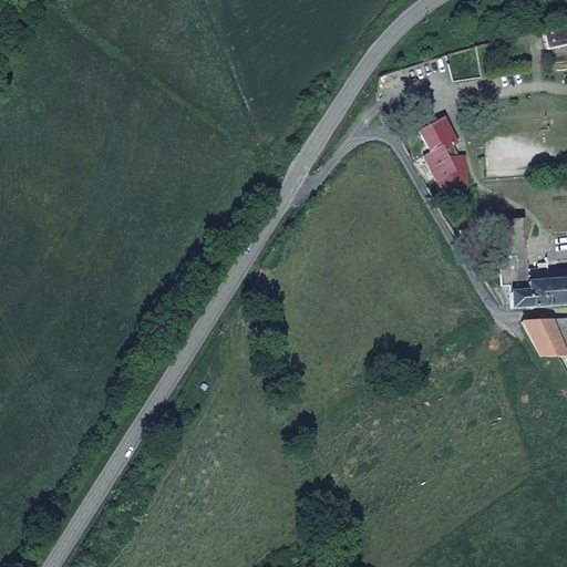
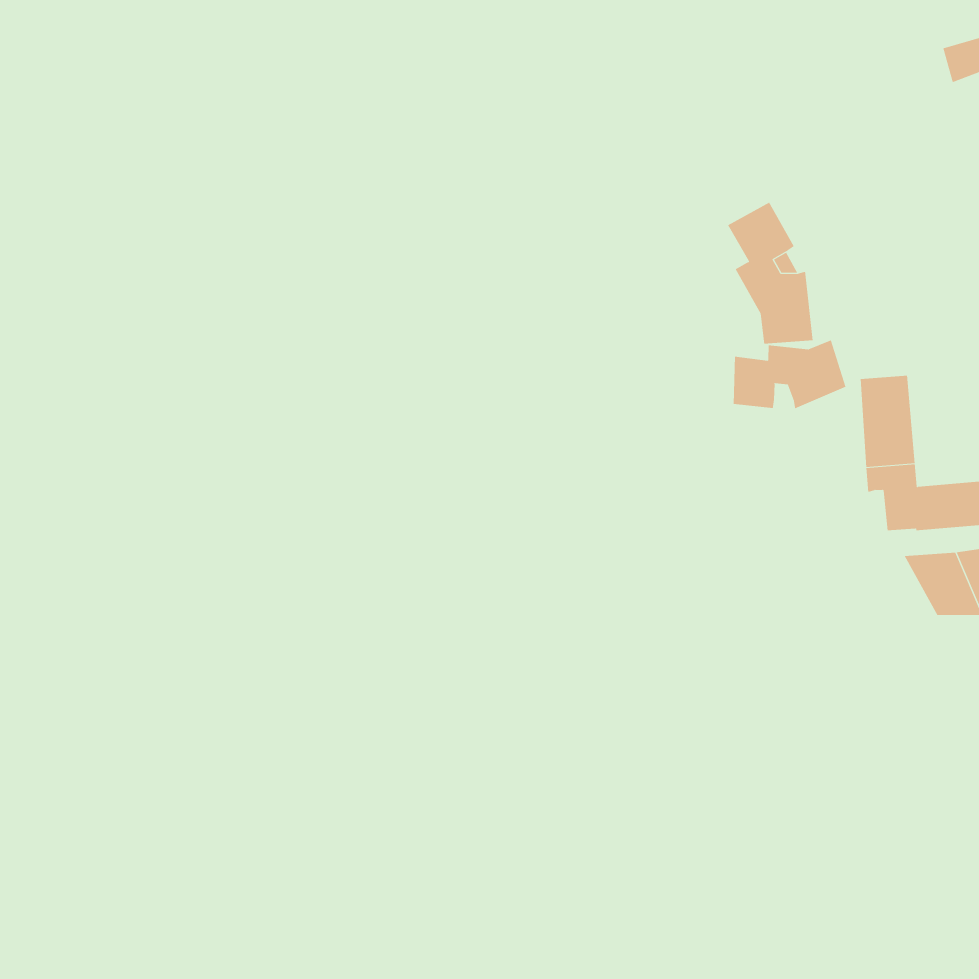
building: none -> [733,340,846,409]

